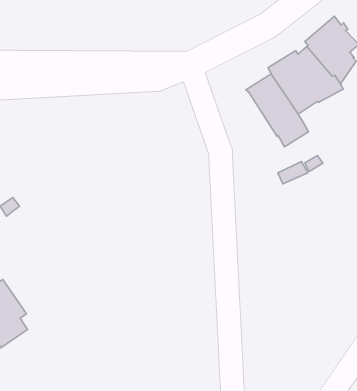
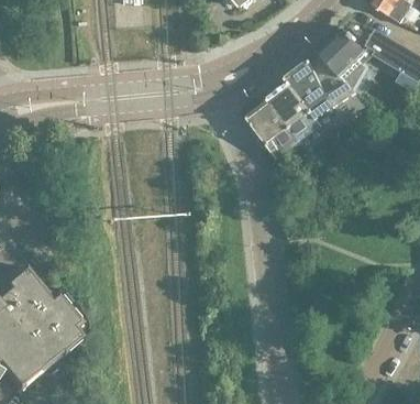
building: none -> [246,101,298,159]

